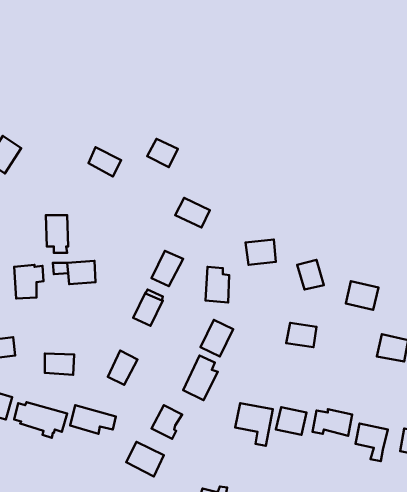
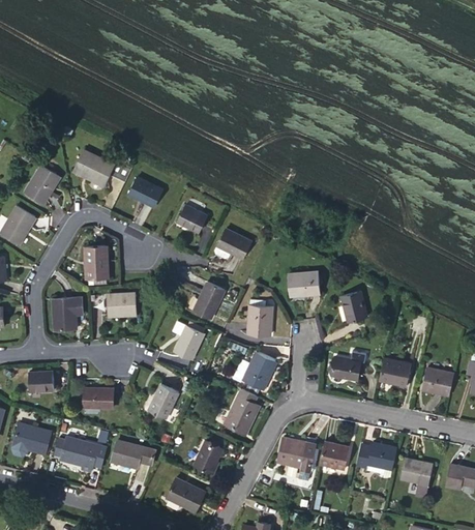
building: none -> [73,151,113,186]
building: [147,139,178,167] -> [176,205,207,234]
building: [346,281,378,310] -> [378,358,411,387]

